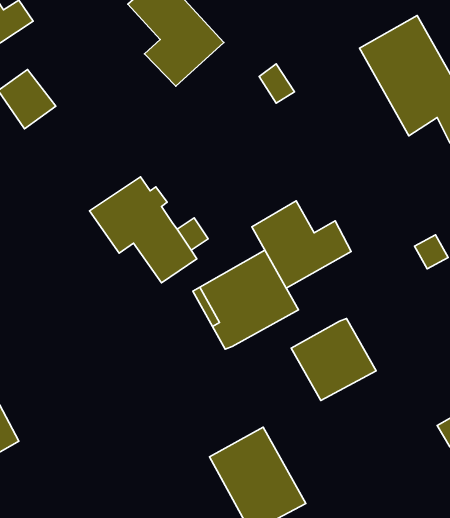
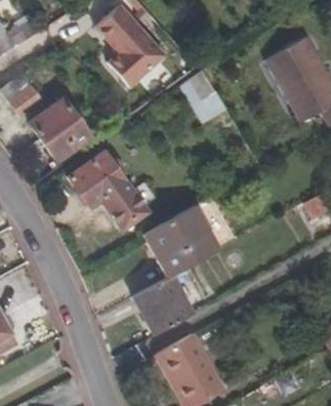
building: none -> [30,97,90,160]
building: [252,201,351,288] -> none
building: [291,318,376,400] -> [132,275,194,334]

